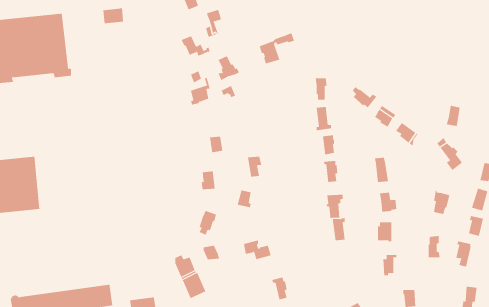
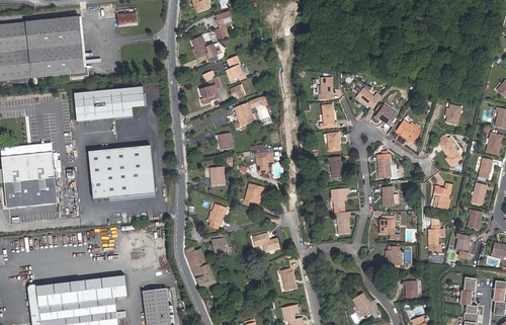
building: [259,32,295,64] -> [234,94,268,125]
building: none -> [73,86,144,121]
building: none -> [88,145,155,199]

